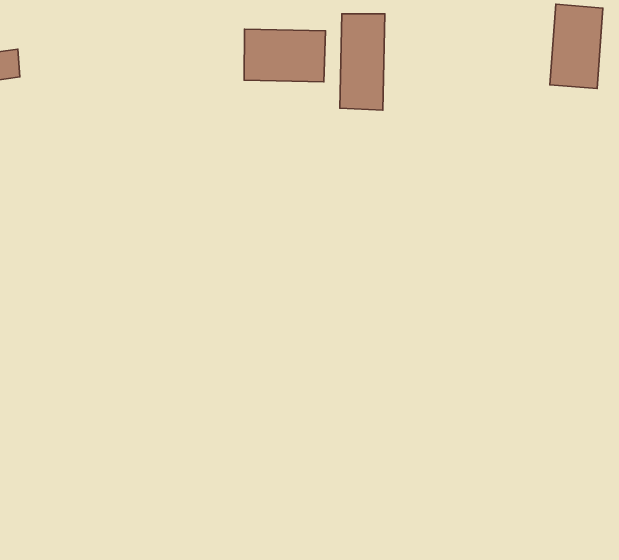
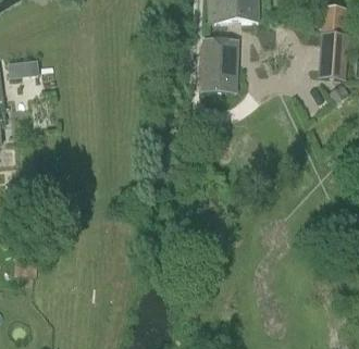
building: [244,29,326,82] -> none

